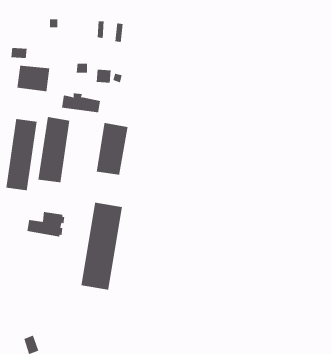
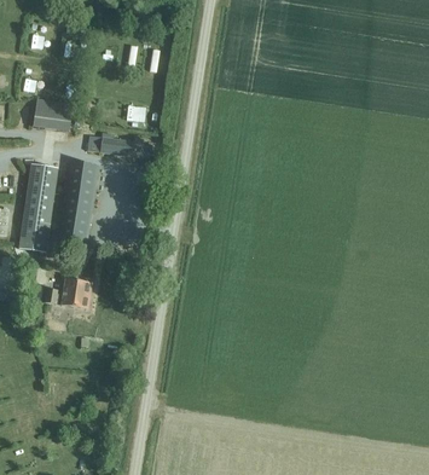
building: [96,122,128,176] -> none
building: [81,202,123,291] -> none

